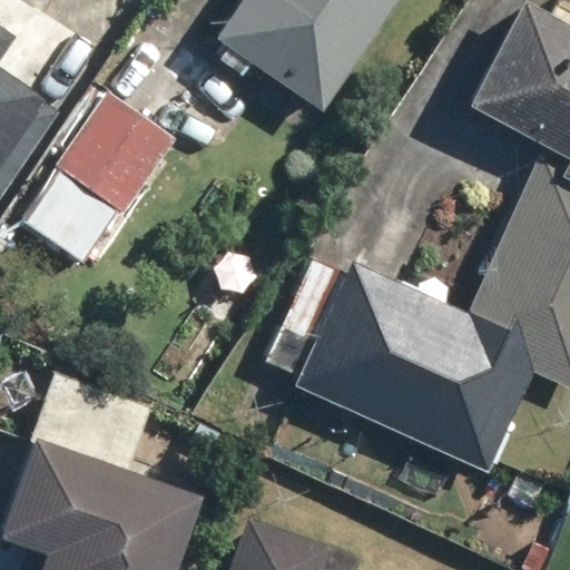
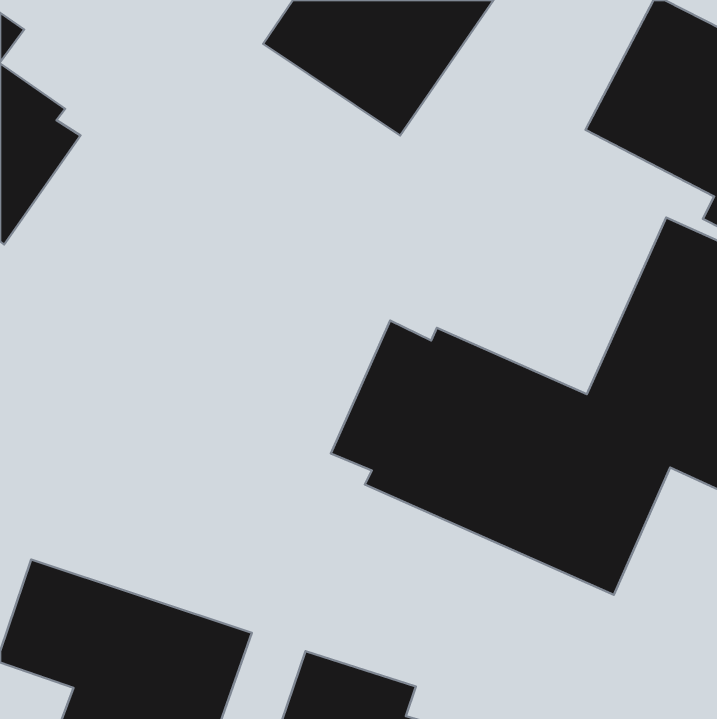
building: [23,88,177,262] -> none

